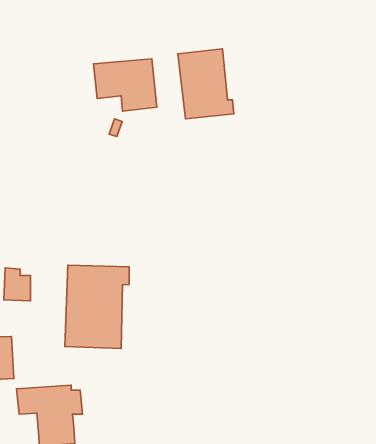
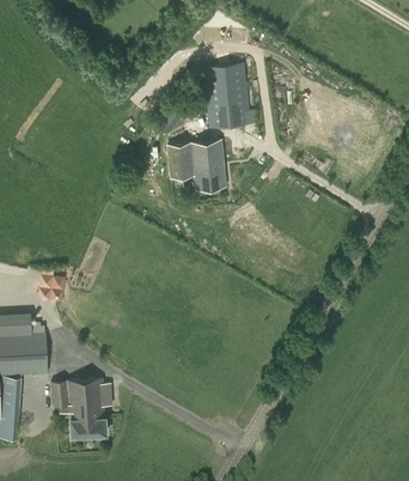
building: [93,59,157,111] -> [166,141,226,190]
building: [65,265,129,349] -> none

